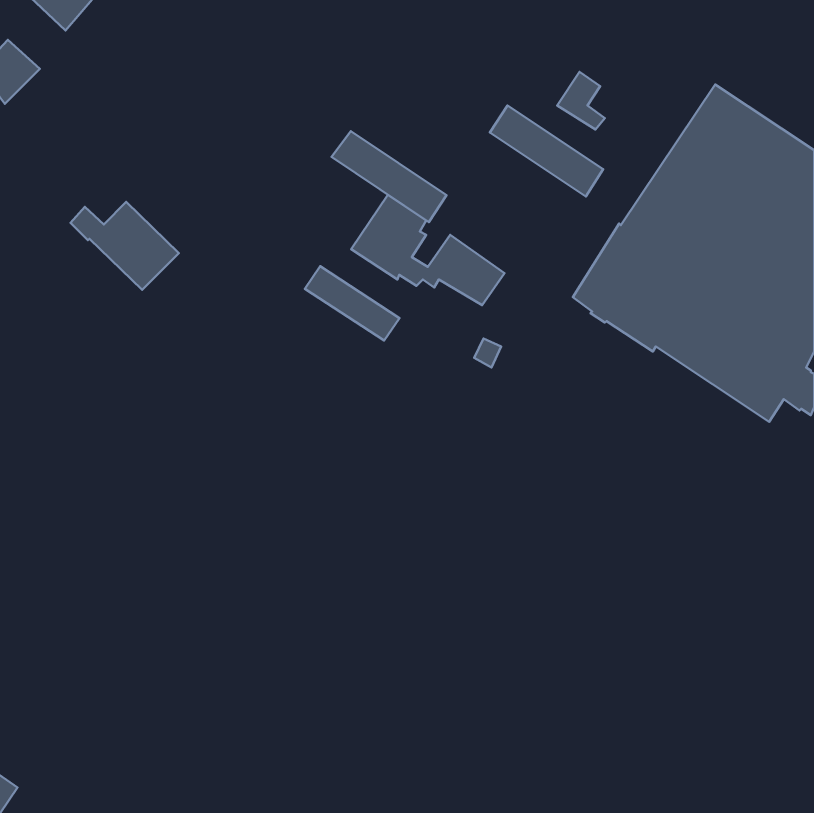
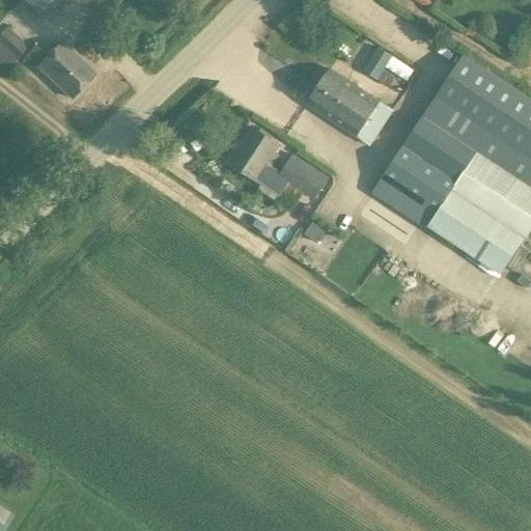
building: [332,131,446,222] -> [306,86,381,145]
building: [70,202,179,290] -> [23,40,93,97]
building: [305,266,399,341] -> none

